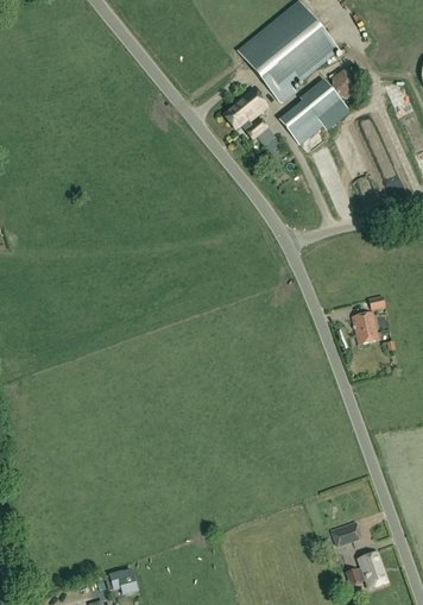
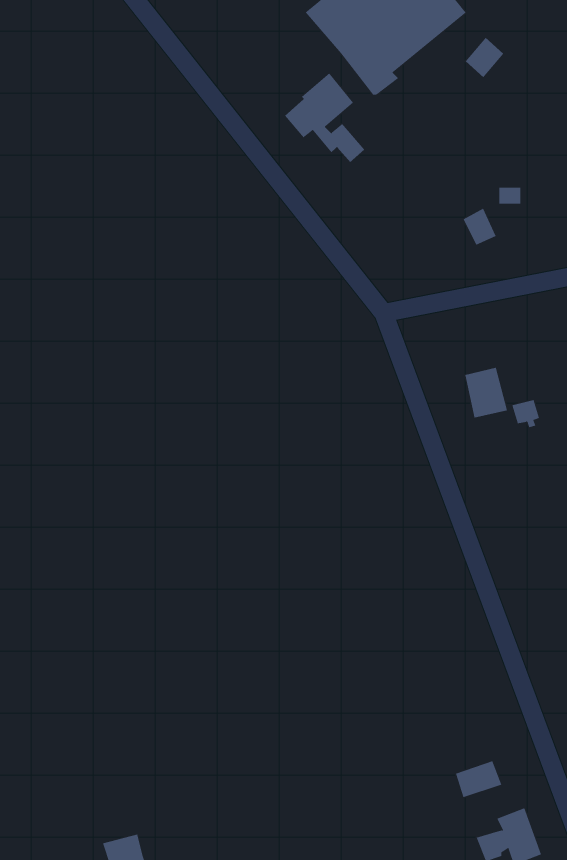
building: [280,78,348,144] -> none
building: [352,311,379,344] -> [464,367,508,418]

